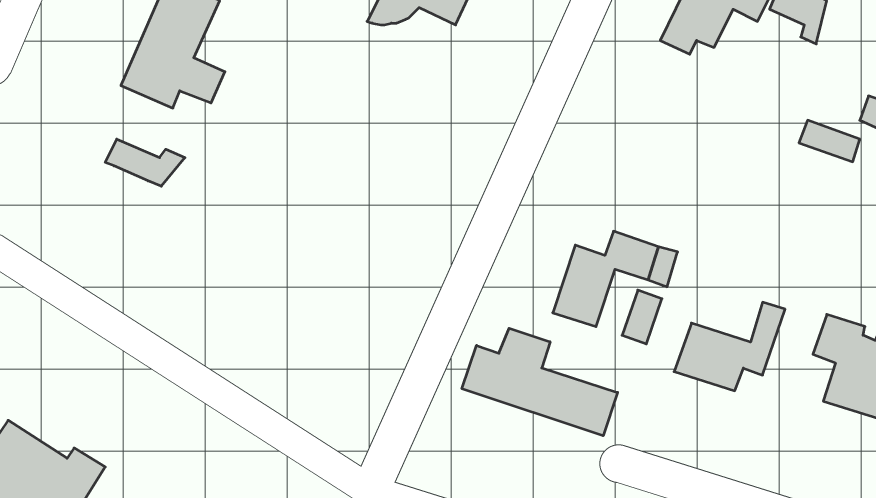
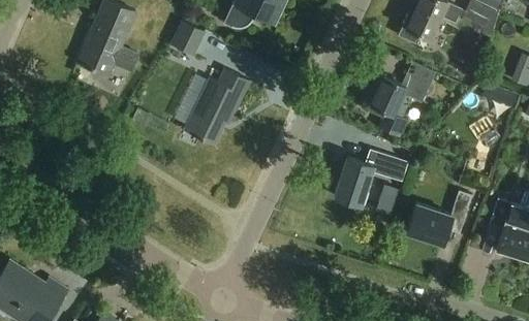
building: none -> [170,21,205,55]
building: none -> [183,68,249,145]
building: none -> [361,72,430,136]
building: [105,139,185,186] -> none
building: [462,328,618,436] -> none

